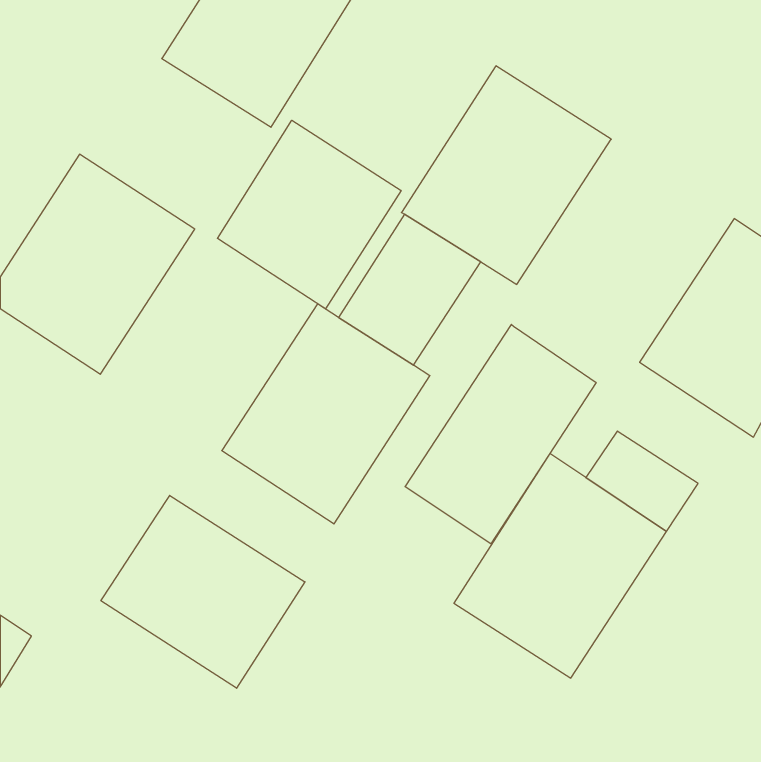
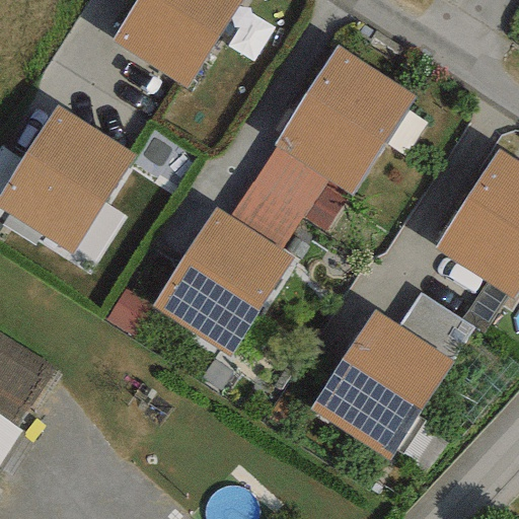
building: [217,120,401,309] -> none
building: [405,324,596,544] -> none
building: [101,495,305,688] -> none

